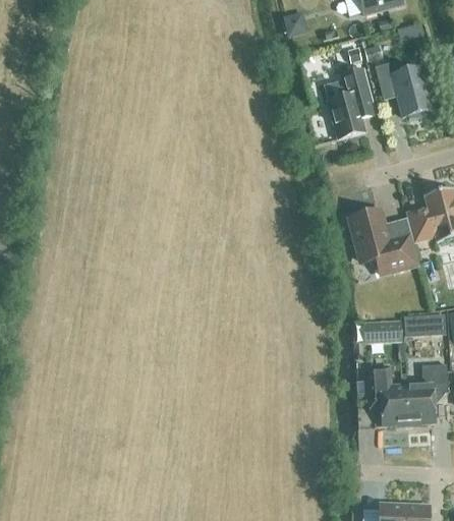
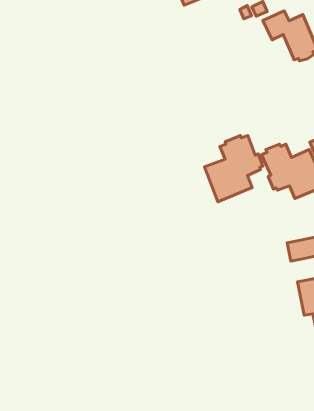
building: [327,69,372,139] -> none
building: none -> [205,135,263,202]

